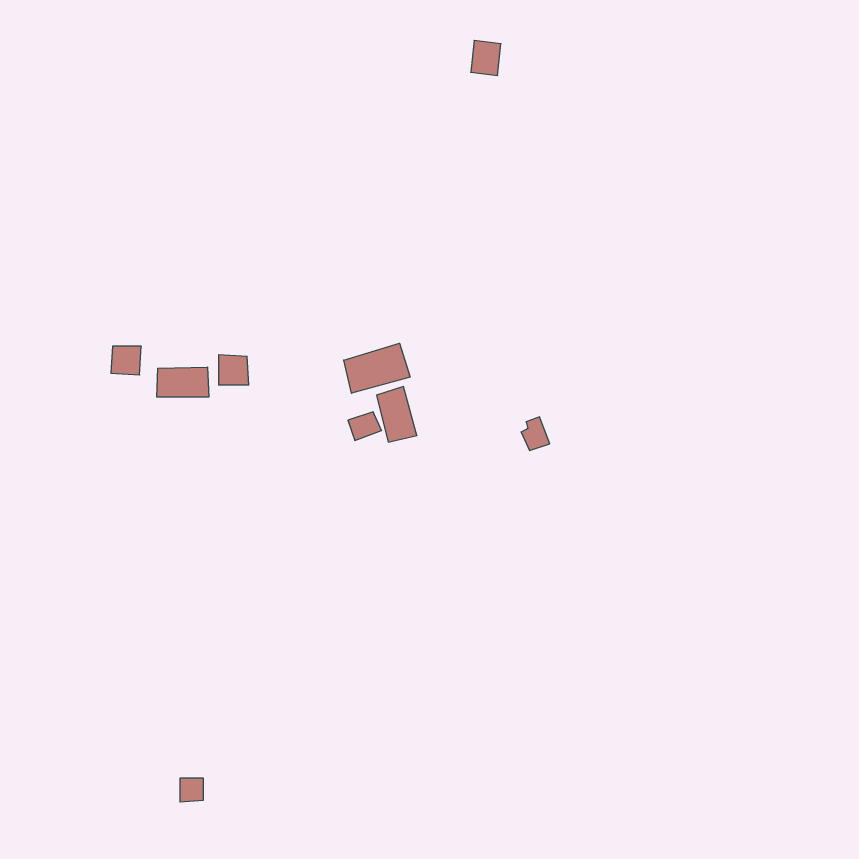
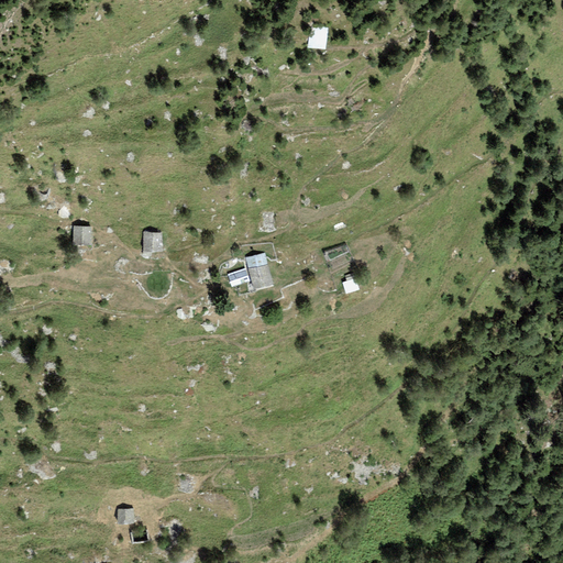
building: [344,343,410,393] -> none
building: [157,367,209,397] -> none

